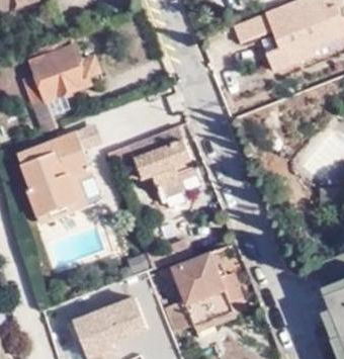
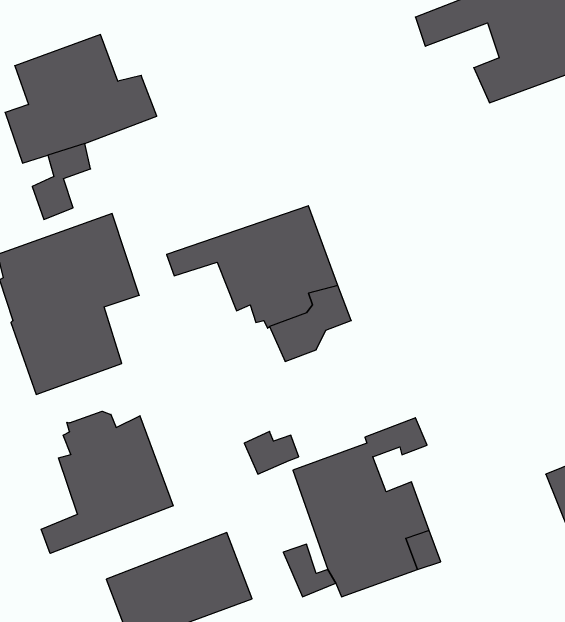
building: none -> [41,411,173,553]

